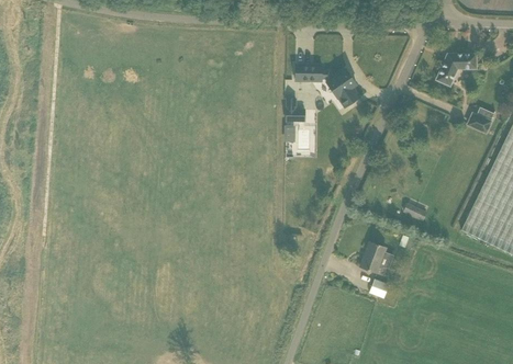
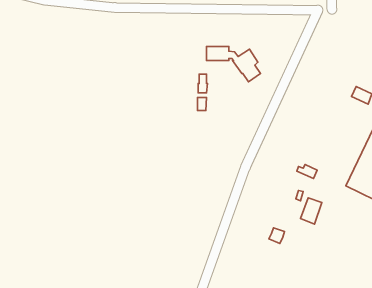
building: [437,54,477,84] -> none
building: [361,241,387,272] -> [301,198,322,224]

